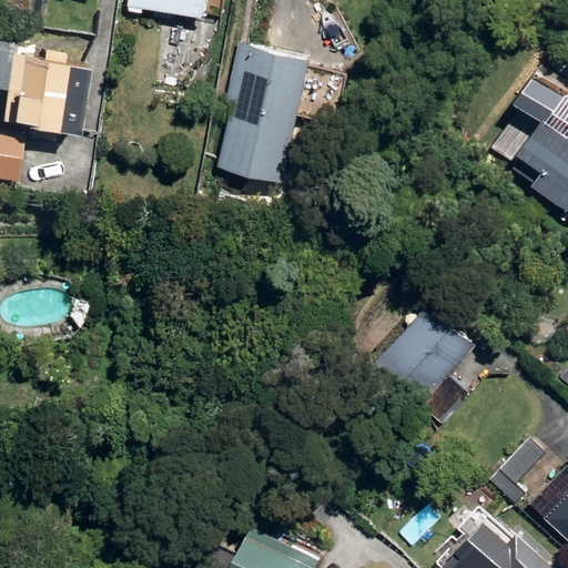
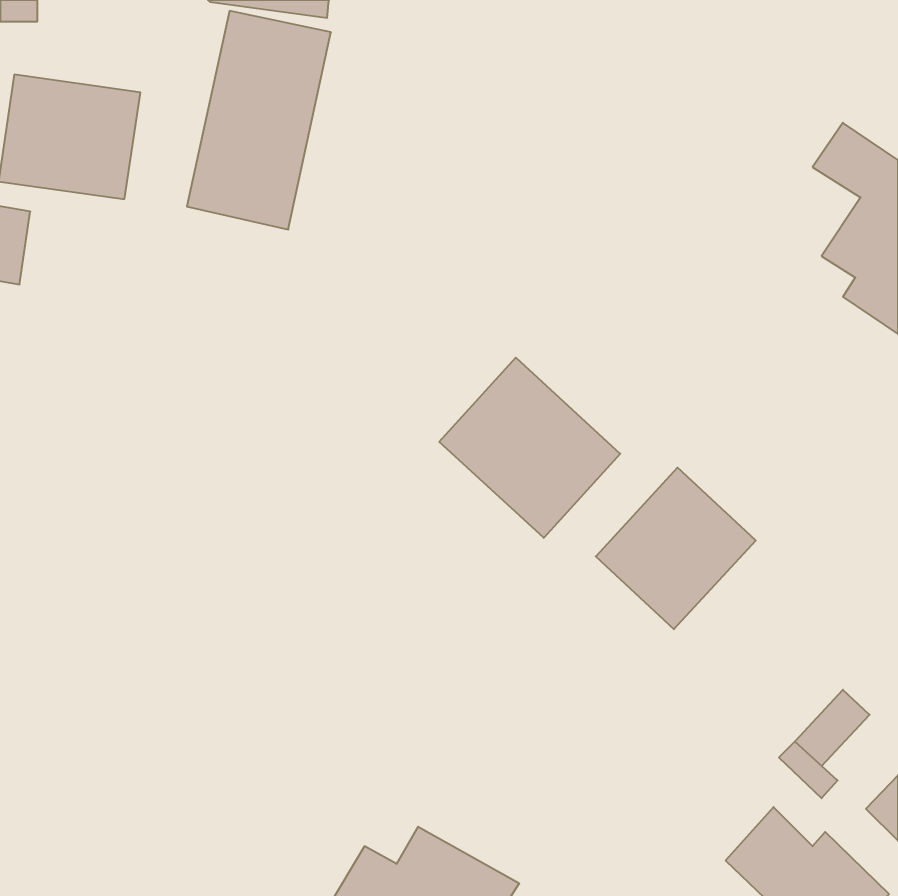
building: [223,44,313,181] -> [187,11,331,230]
building: none -> [439,358,620,538]

